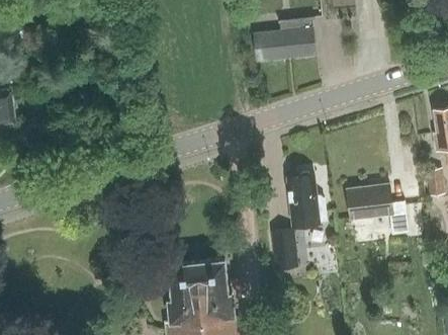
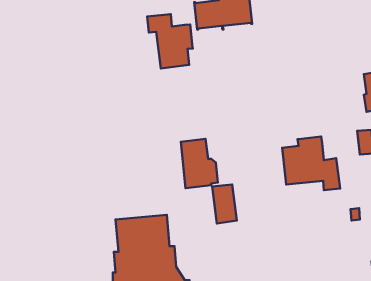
building: none -> [147,14,193,69]
building: [288,174,328,227] -> [181,139,218,188]

